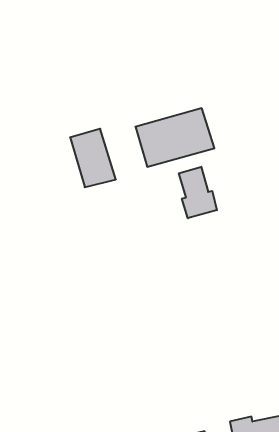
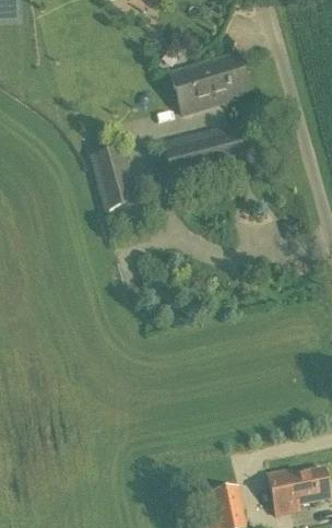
building: none -> [170,52,248,114]
building: [179,167,217,218] -> none

